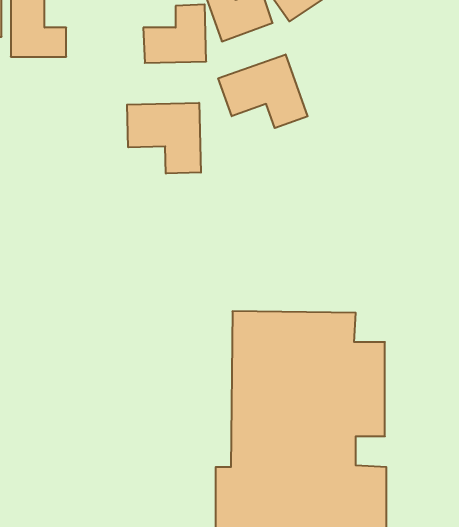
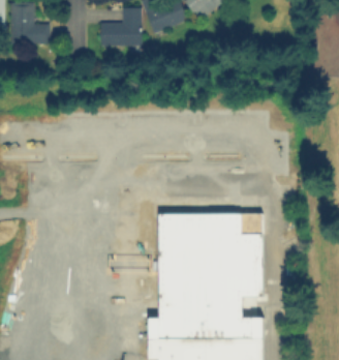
building: [218,54,308,128] -> none
building: [127,103,201,174] -> none

